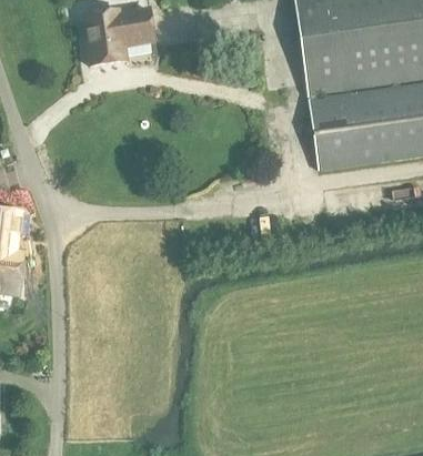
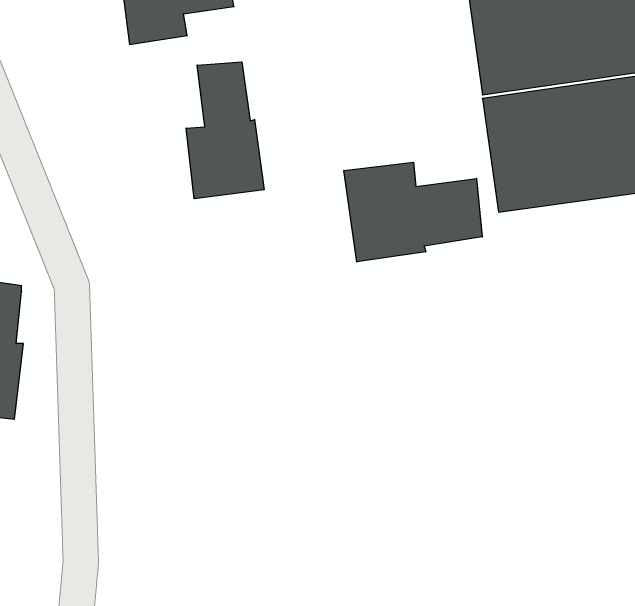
building: none -> [186,62,264,199]
building: none -> [344,162,482,262]

